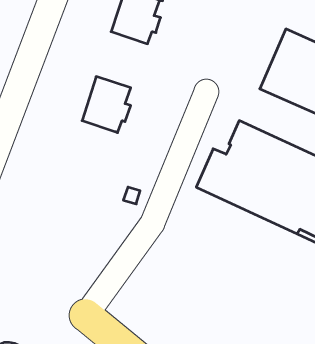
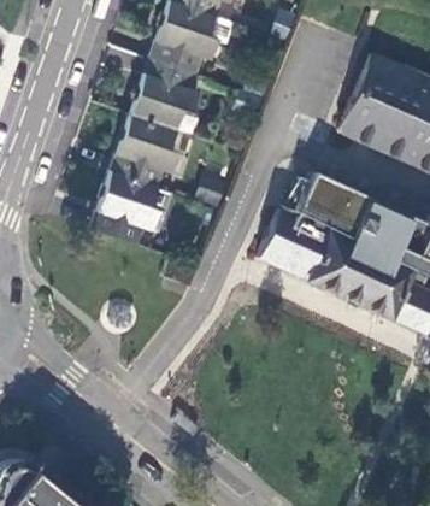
building: none -> [130,57,196,129]
building: none -> [93,171,155,243]

